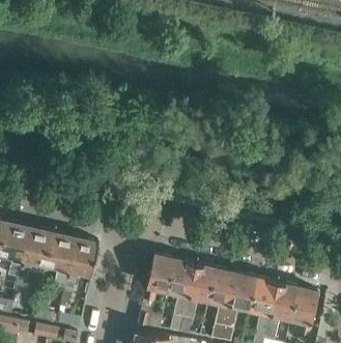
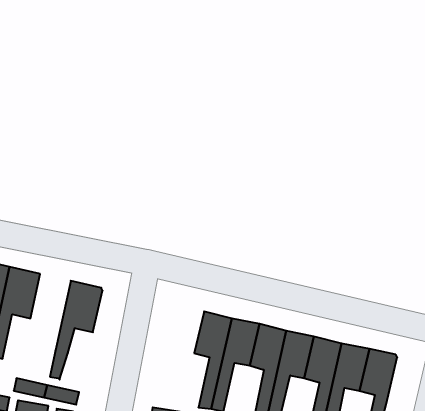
building: [45,230,75,287] -> none
building: [137,254,174,327] -> none

